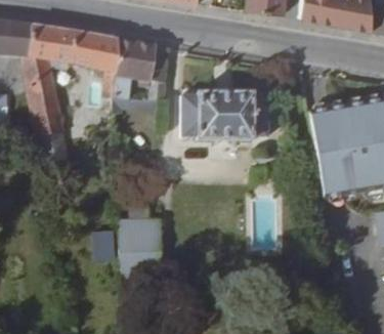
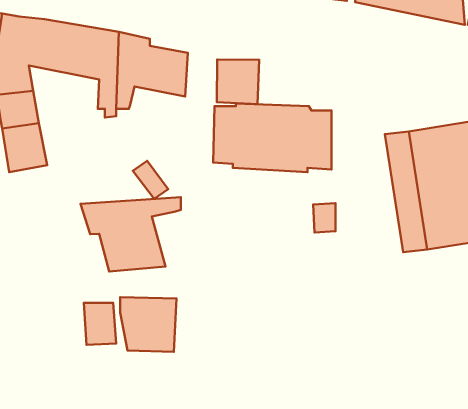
building: none -> [217,59,259,104]
building: none -> [80,197,181,272]

